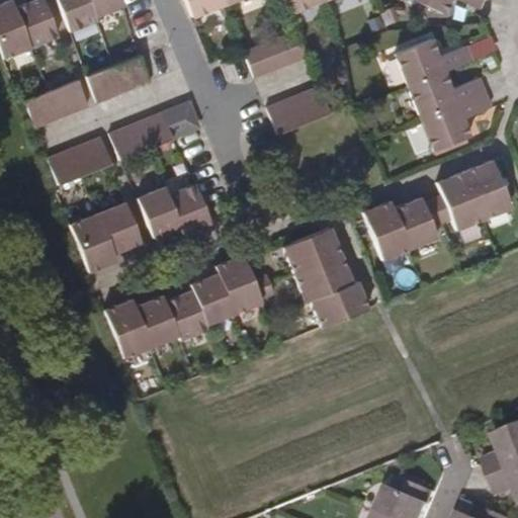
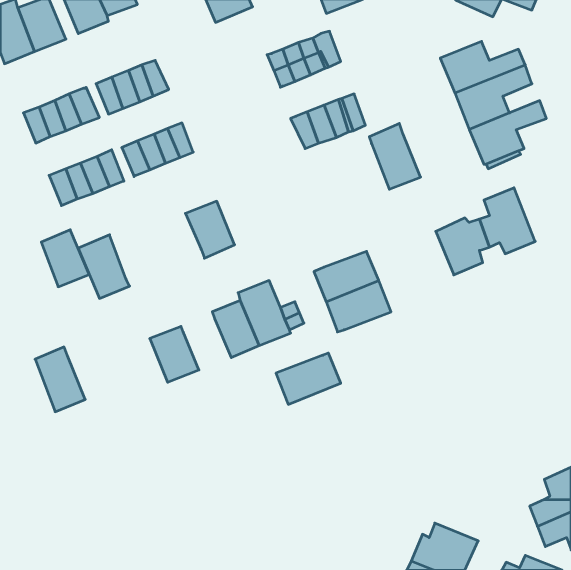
building: [165,102,200,138] -> none
building: [465,159,512,219] -> none
building: [138,185,182,237] -> none
building: [364,200,411,260] -> [369,123,421,189]
building: [99,201,143,253] -> [41,230,89,287]
building: [312,280,370,327] -> [276,353,341,404]
building: [166,288,210,340] -> none
building: [106,298,152,357] -> [35,347,85,412]

